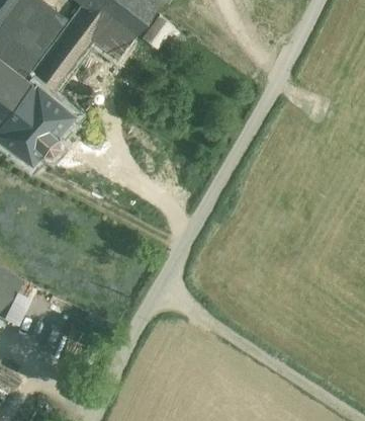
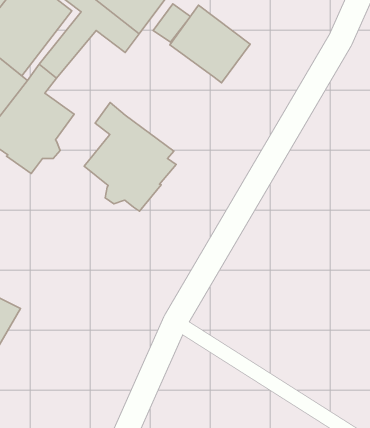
building: none -> [170,5,250,83]
building: none -> [84,103,176,211]

